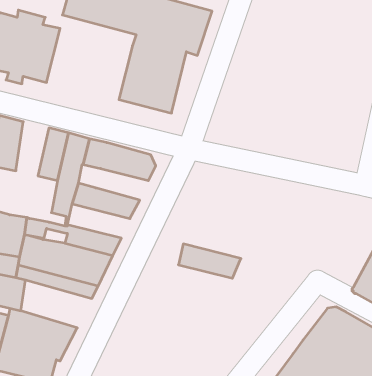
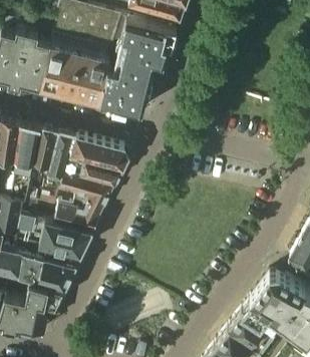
building: none -> [39,46,109,104]
building: none -> [9,122,41,202]
building: none -> [79,160,123,187]
building: [178,244,241,278] -> [56,190,107,218]
building: none -> [18,252,76,291]

